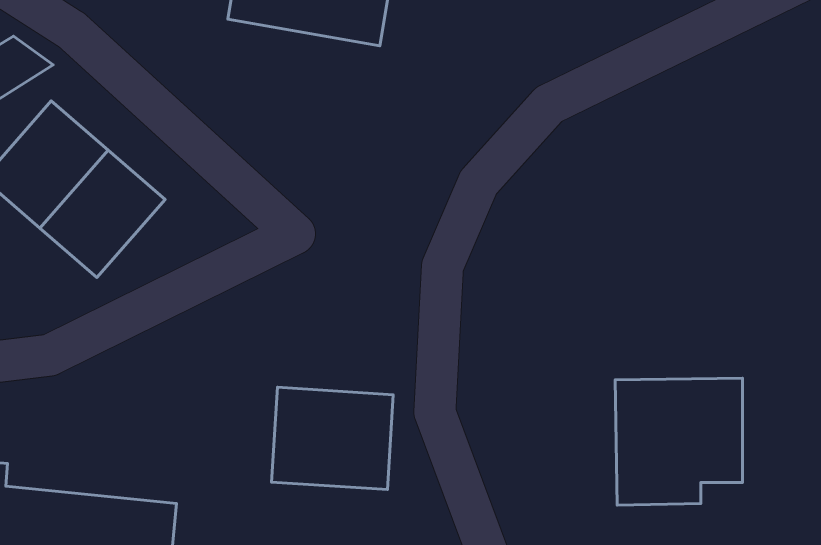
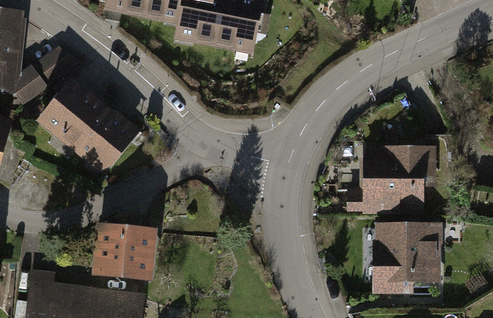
building: none -> [347,148,435,210]
building: [272,387,393,490] -> [94,226,158,280]

